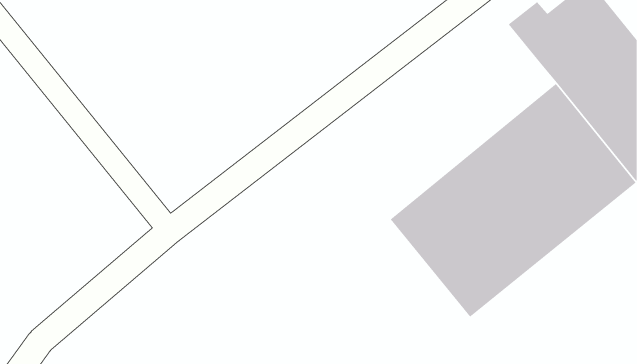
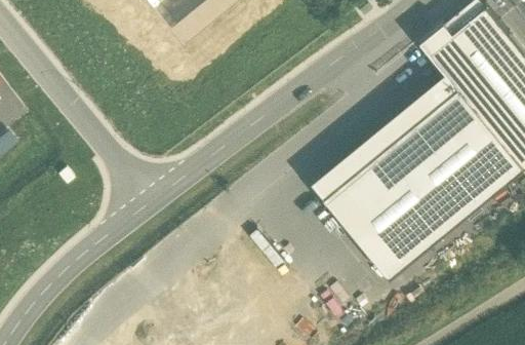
building: none -> [313,78,458,201]

